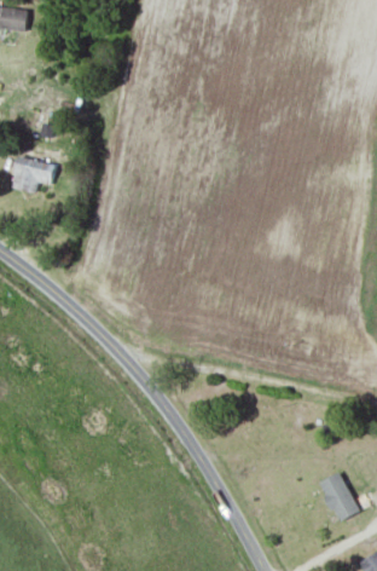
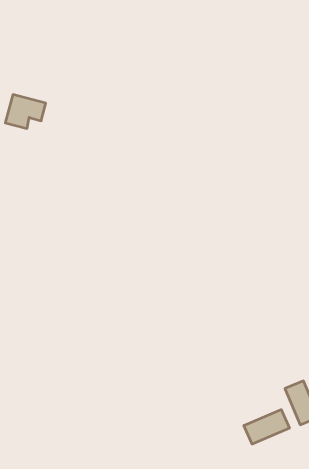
building: none -> [244,410,289,444]

